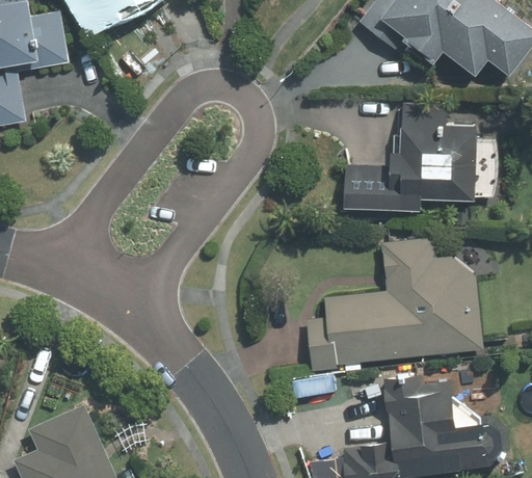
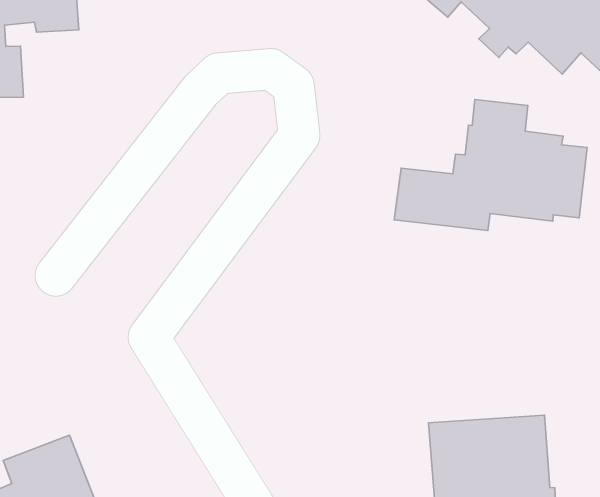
building: [304,240,485,371] -> none

